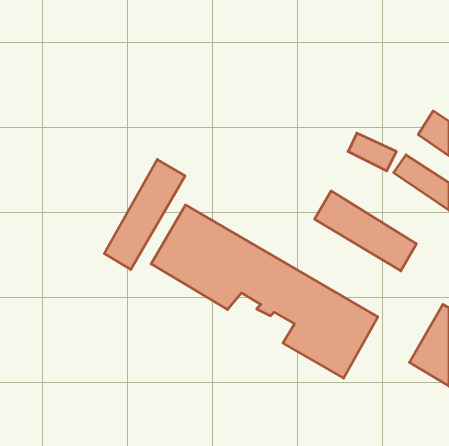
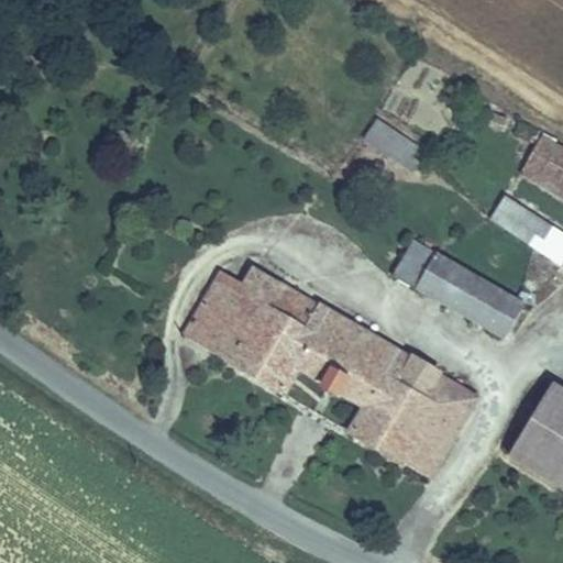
building: [348,133,396,171] -> [362,117,422,164]
building: [104,159,185,270] -> none

